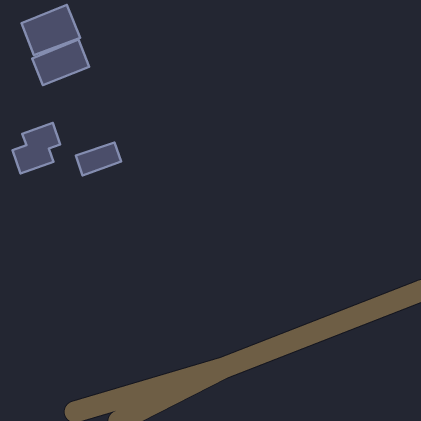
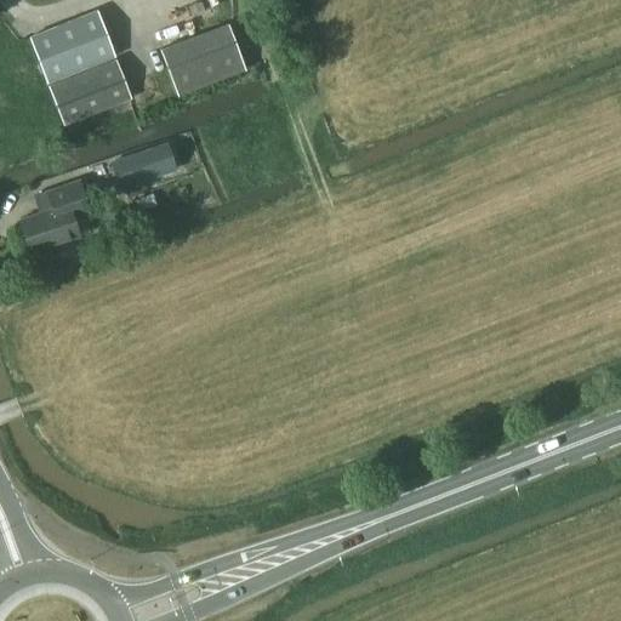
building: none -> [161,22,249,97]
building: [76,142,121,175] -> [110,141,177,189]

